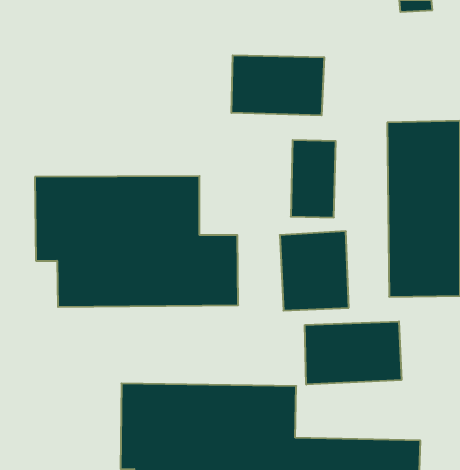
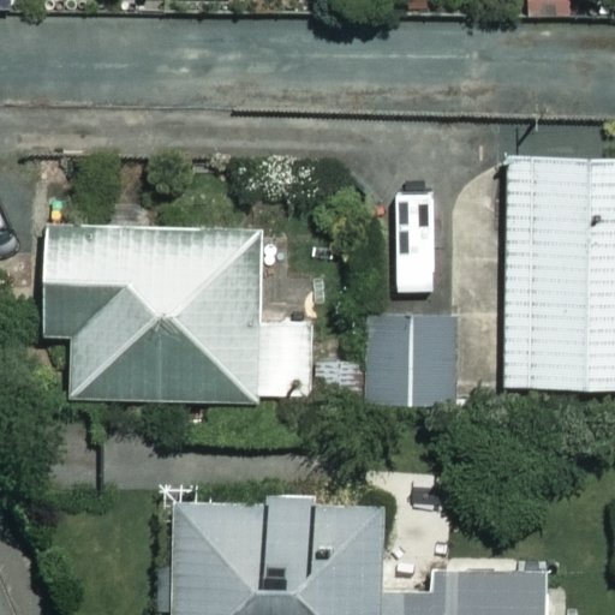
building: [231,55,324,115] -> none
building: [305,321,401,385] -> none

